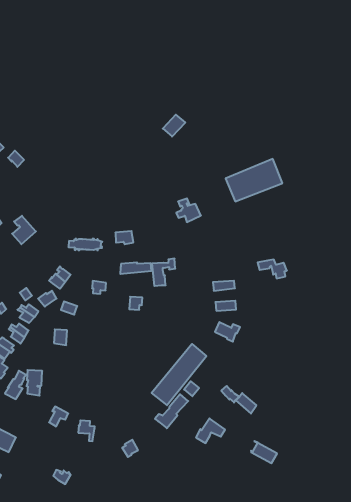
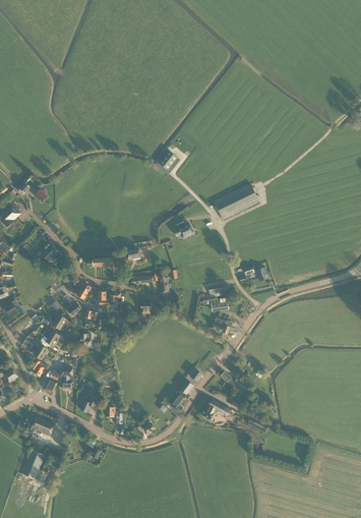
building: [152,344,206,405] -> none

